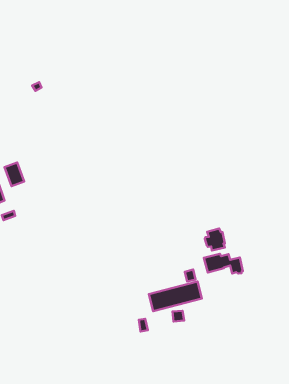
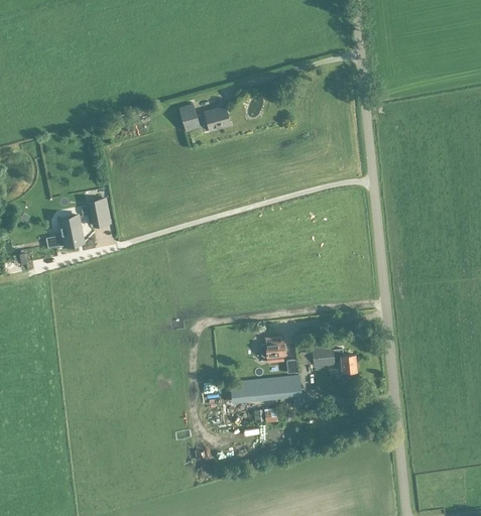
building: none -> [177,103,229,130]
building: [205,228,225,250] -> [261,337,284,362]

